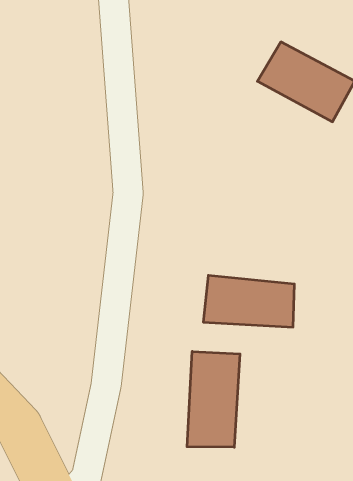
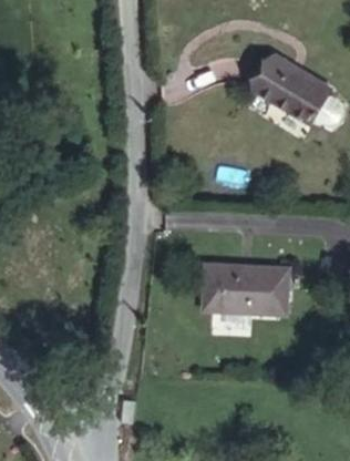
building: [187,351,240,447] -> none

